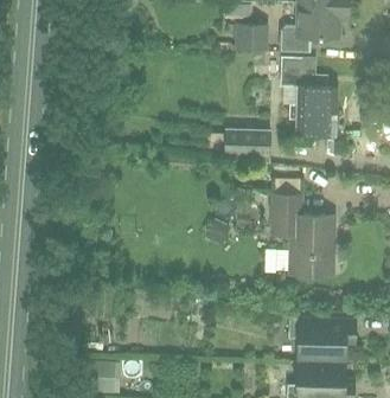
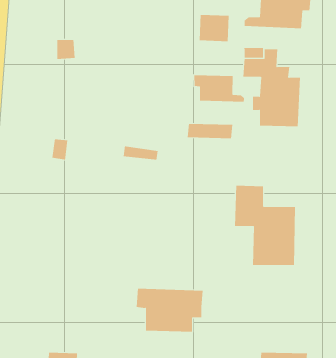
building: none -> [194,75,245,102]
building: [288,317,356,361] -> [136,288,203,332]

